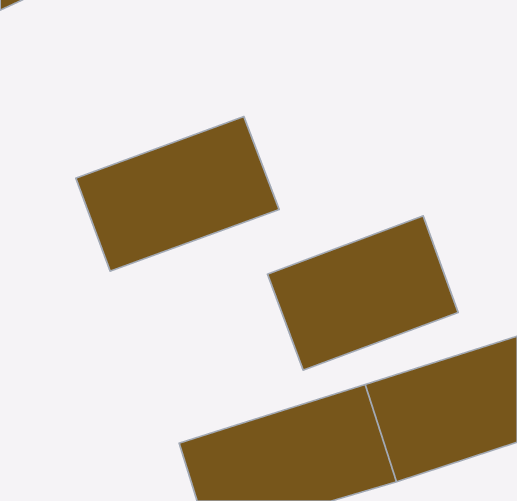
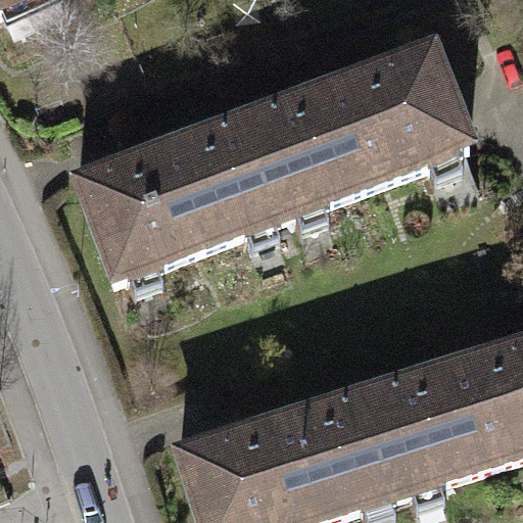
building: none -> [246,48,469,211]
building: [268,216,458,370] -> none

